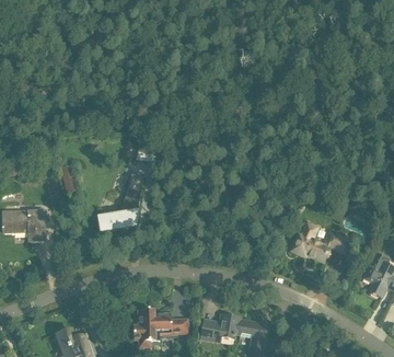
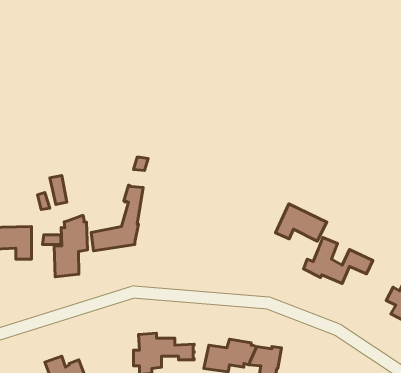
building: none -> [276,204,327,241]
building: none -> [54,215,87,277]

